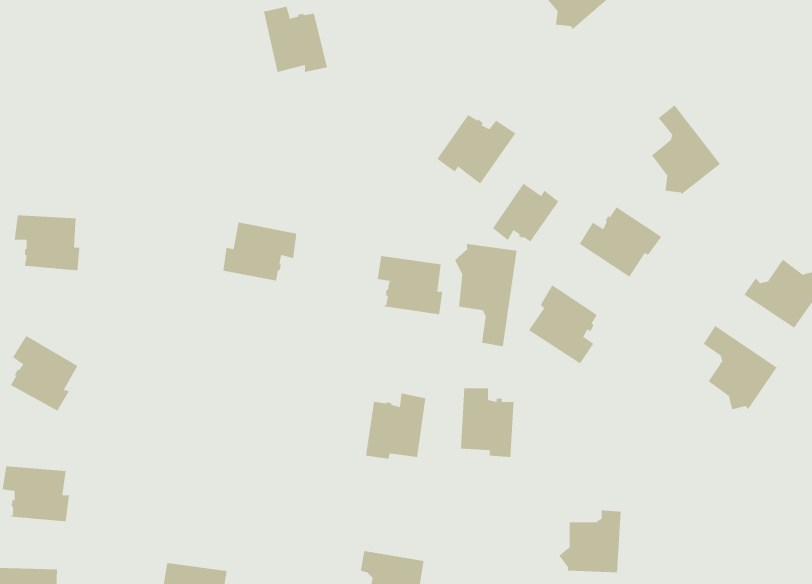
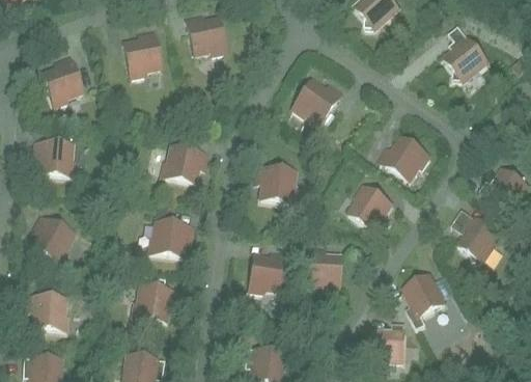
building: none -> [124,29,161,75]
building: none -> [43,55,83,104]
building: [651,105,721,194] -> [445,24,487,79]
building: [492,183,559,242] -> none
building: [455,243,517,347] -> none
building: none -> [148,220,193,254]
building: none -> [404,272,445,327]
building: none -> [138,274,177,320]

